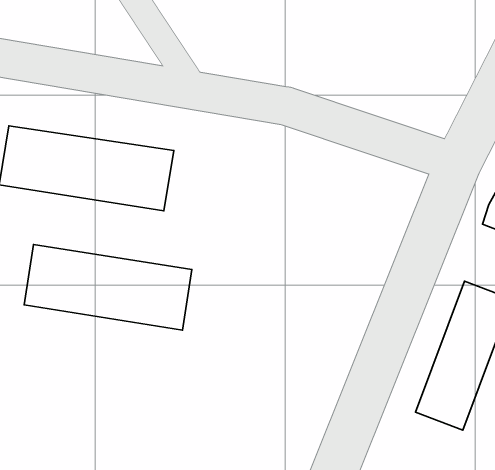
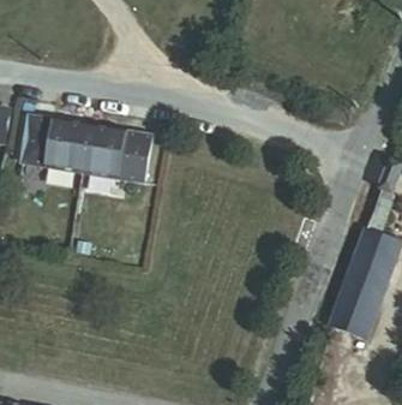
building: [24,244,192,330] -> none

